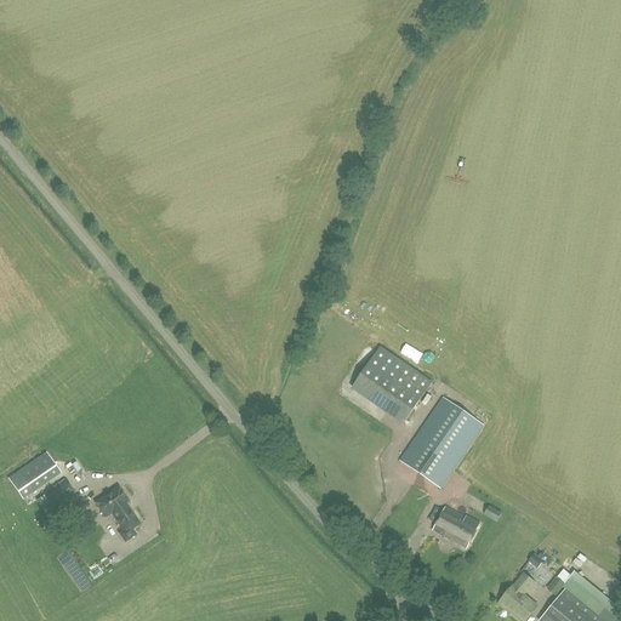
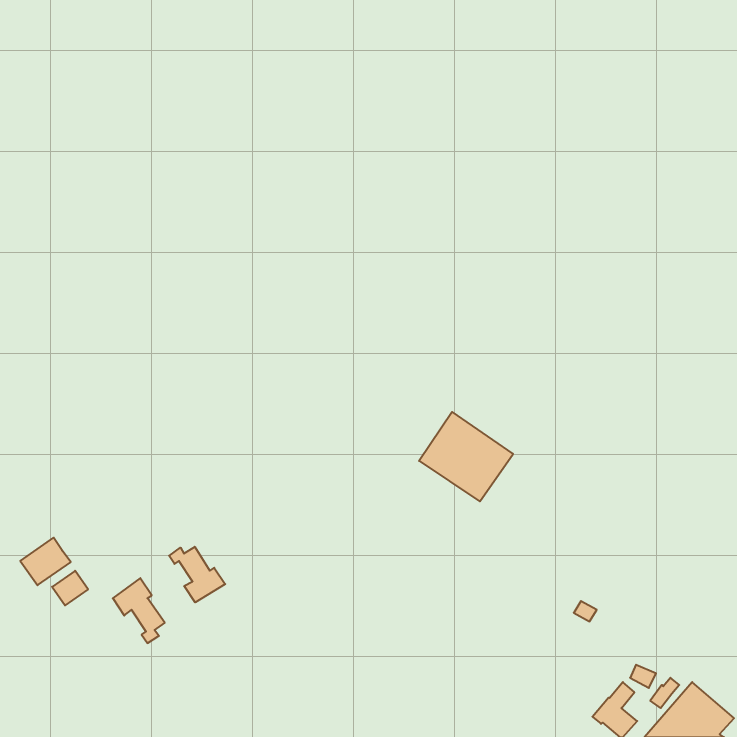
building: [398,397,483,489] -> none
building: none -> [169,547,225,602]
building: [431,507,478,548] -> none

